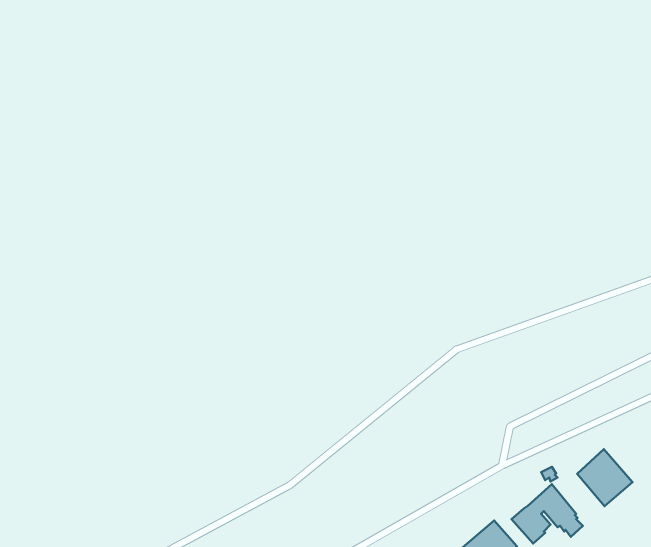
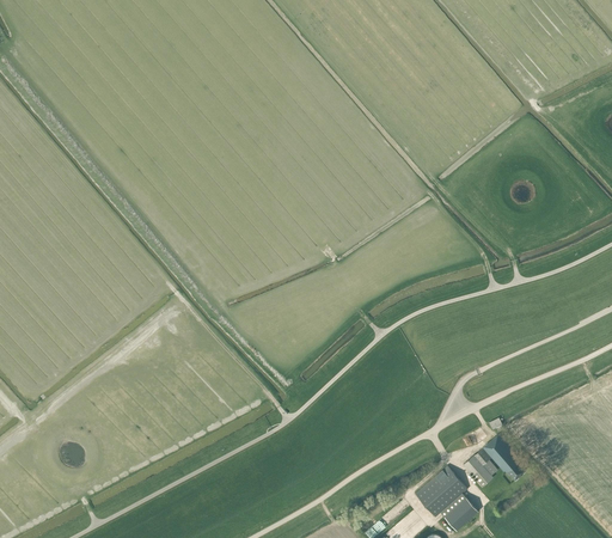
building: [577,449,633,506] -> none

